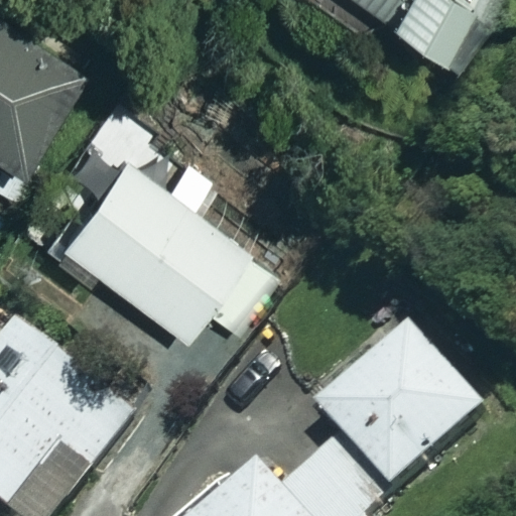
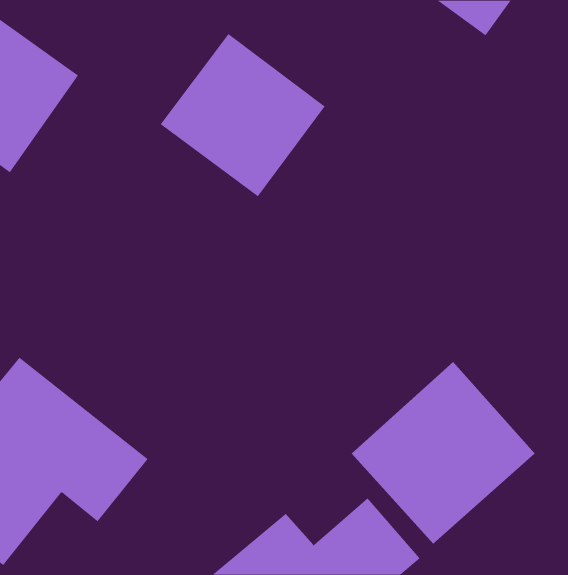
building: none -> [160,33,325,197]
building: [49,150,270,328] -> none

